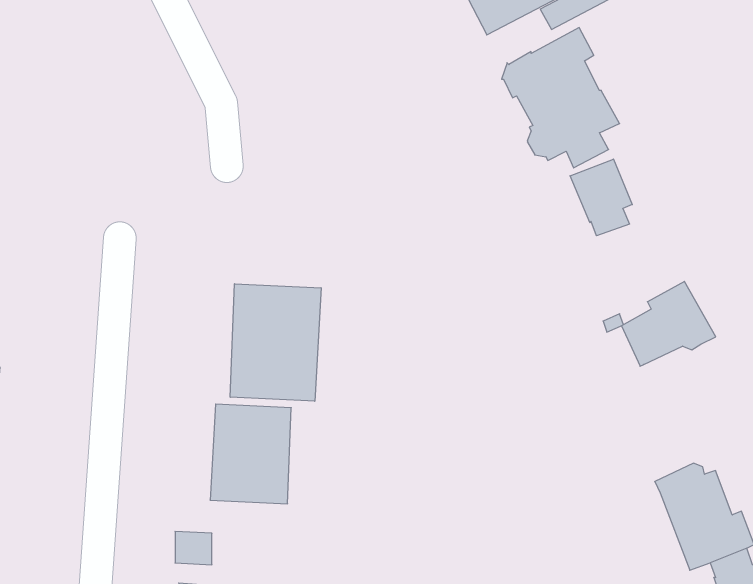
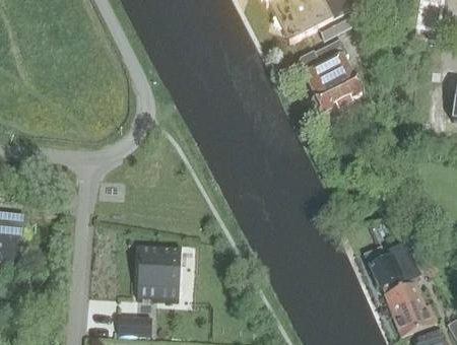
building: [570,159,632,236] -> none
building: [622,281,716,366] -> [370,242,421,288]
building: [230,284,321,401] -> none

